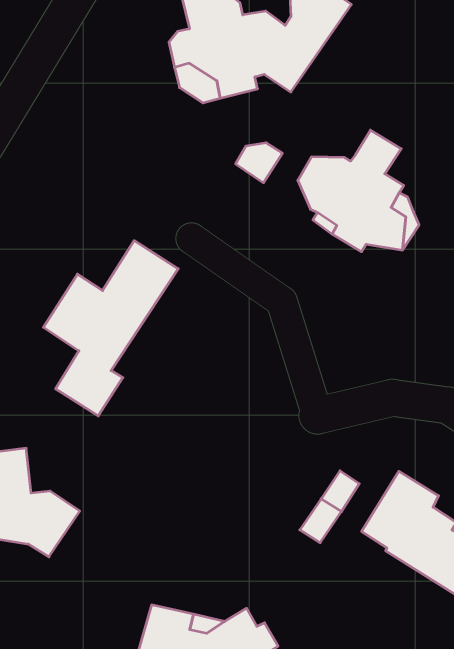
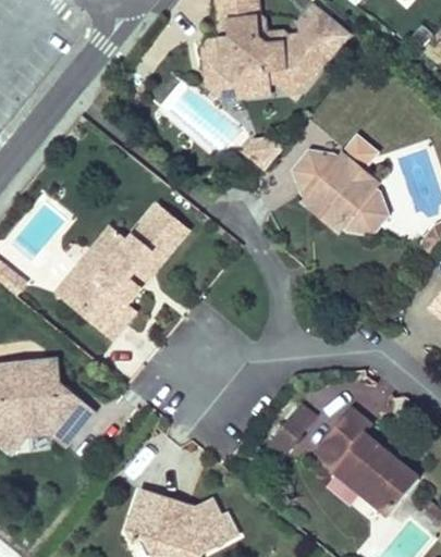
building: none -> [56,263,105,313]

